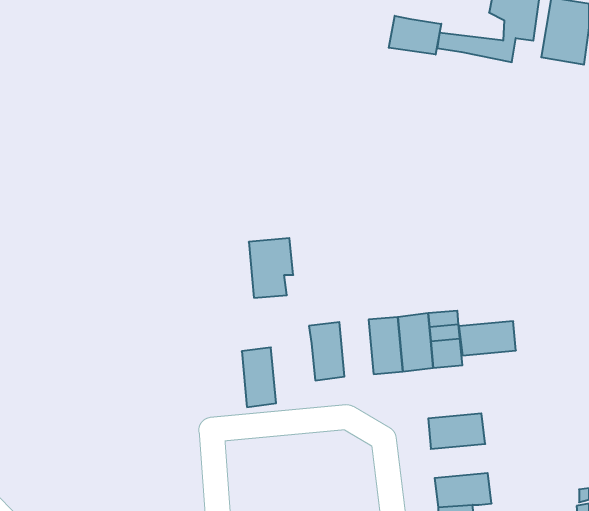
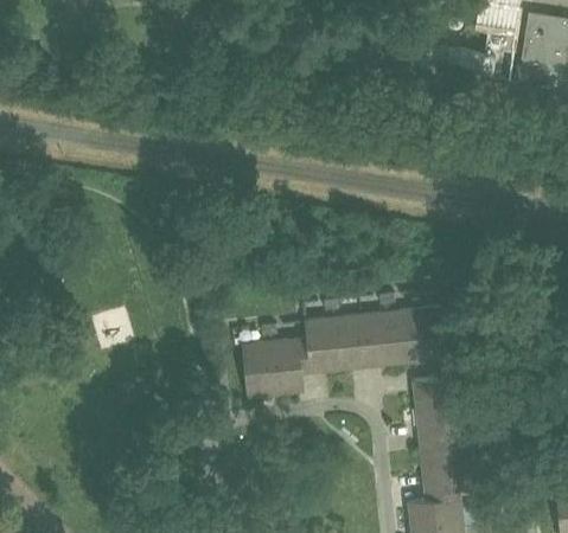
building: [389,16,441,55] -> none
building: [249,238,293,298] -> [268,338,309,393]
building: none -> [332,315,364,368]
building: [459,321,516,355] -> [411,375,465,407]
building: none -> [417,431,471,463]

